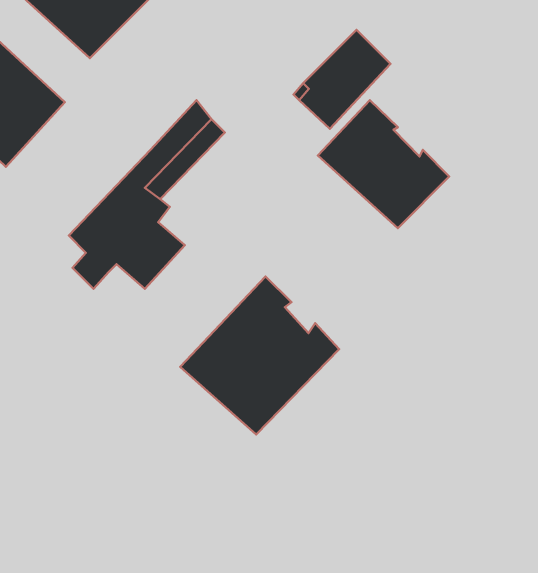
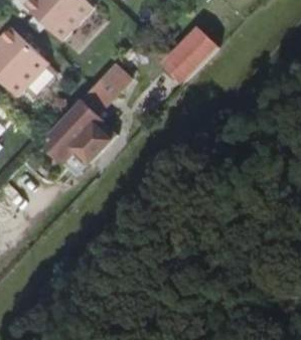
building: [318,100,449,228] -> none
building: [180,277,339,435] -> none

